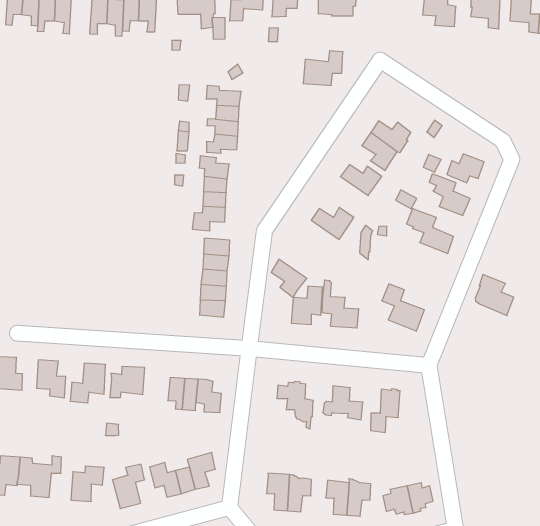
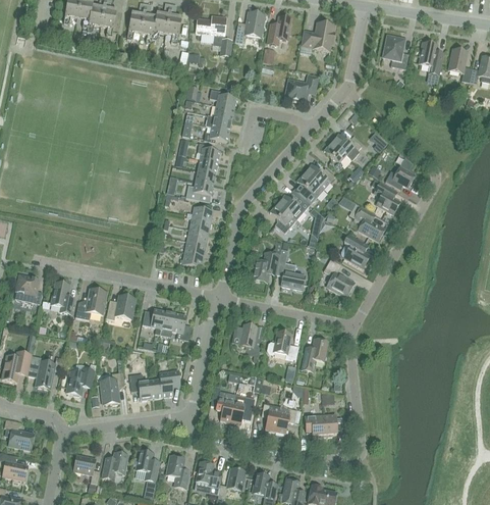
building: none -> [296,171,323,202]
building: [271,259,307,297] -> [270,202,296,233]
building: [475,275,514,316] -> [340,234,370,267]

